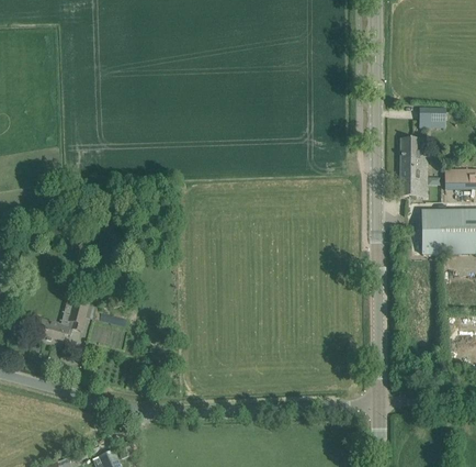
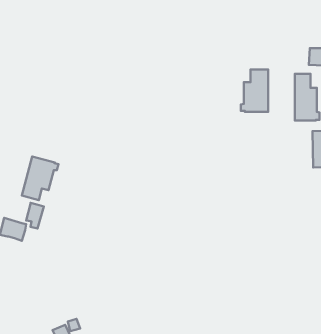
building: none -> [241,69,268,112]
building: none -> [22,156,58,200]

